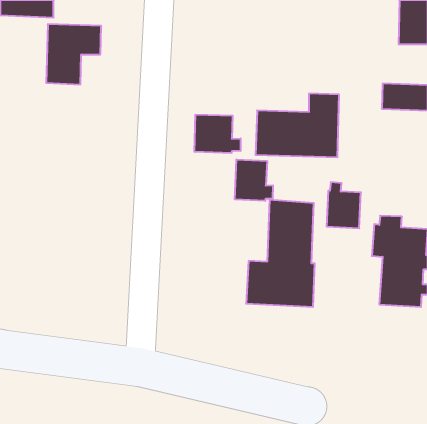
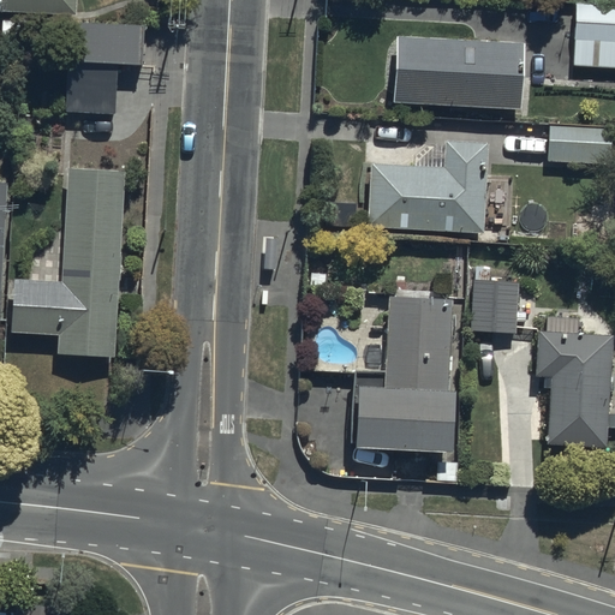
building: none -> [392,35,524,109]
building: [195,115,241,153] -> none
building: none -> [14,183,125,371]
building: [235,159,273,201] -> none

